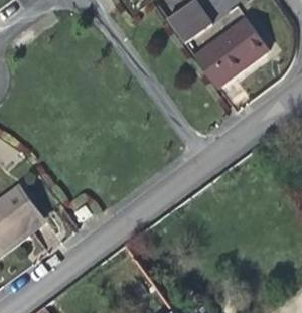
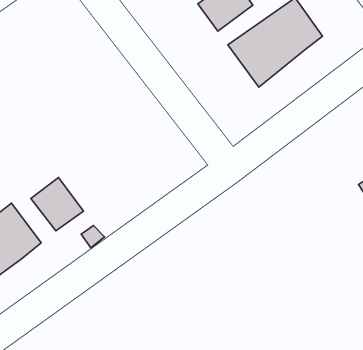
building: none -> [31,178,84,231]

